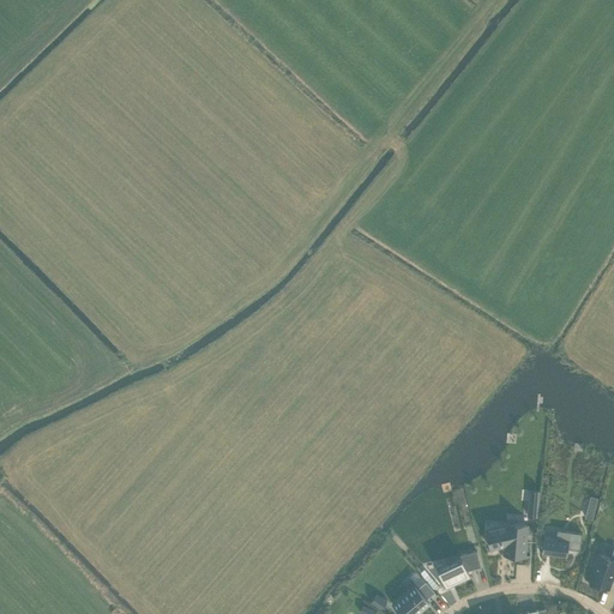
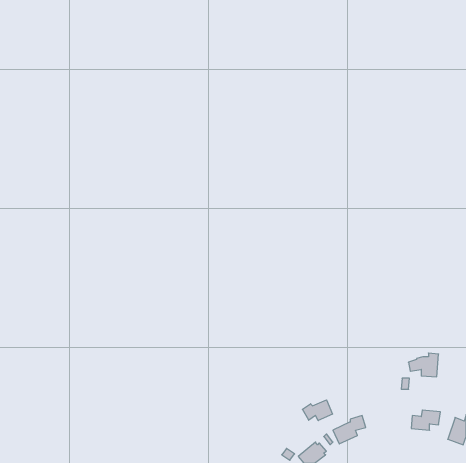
building: [488,520,528,552] -> [408,353,439,377]
building: none -> [302,400,333,421]

